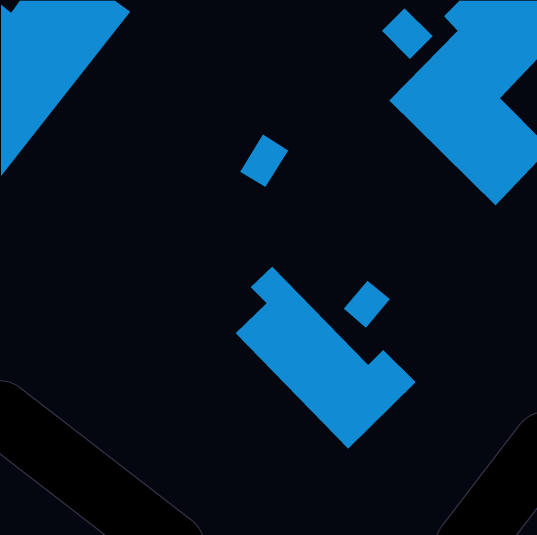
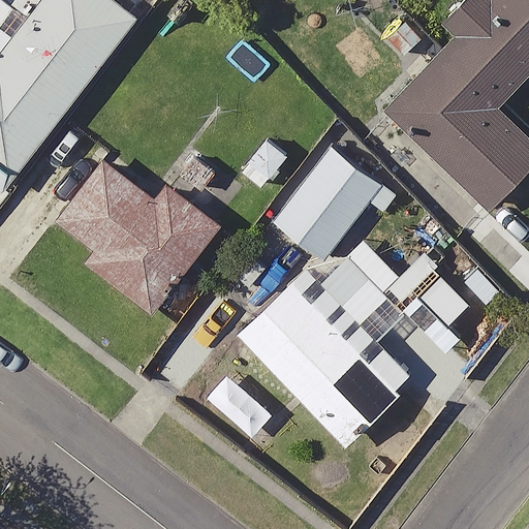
building: none -> [274,149,381,262]
building: none -> [57,157,217,312]

